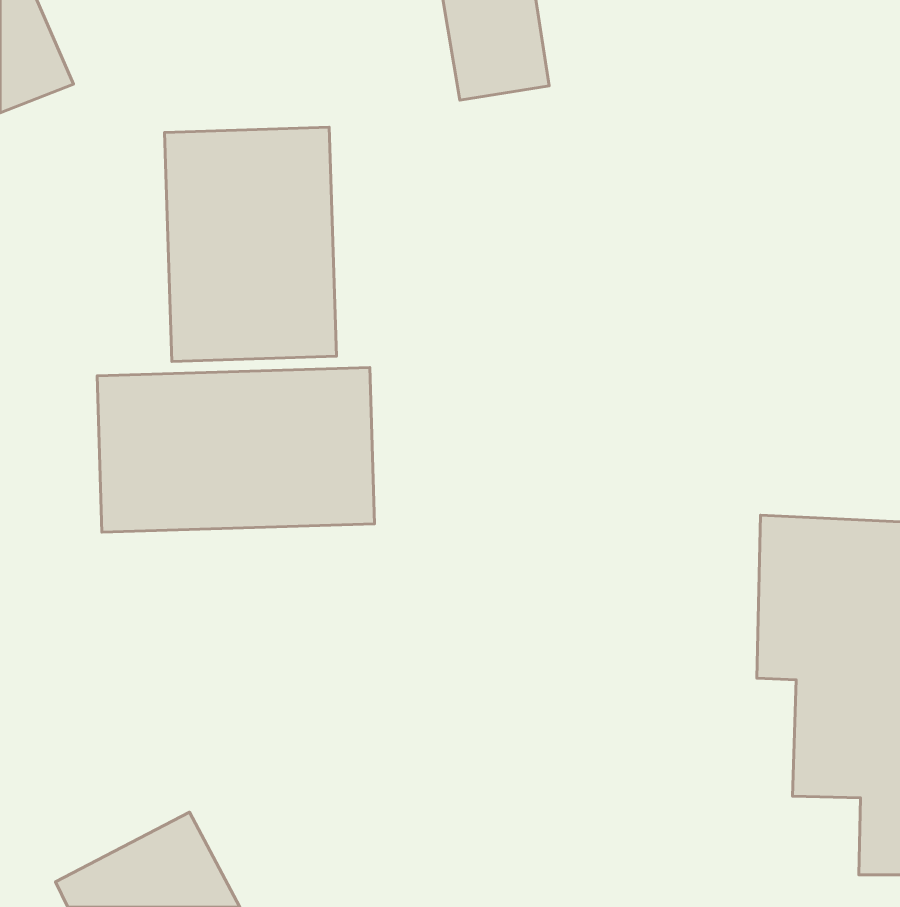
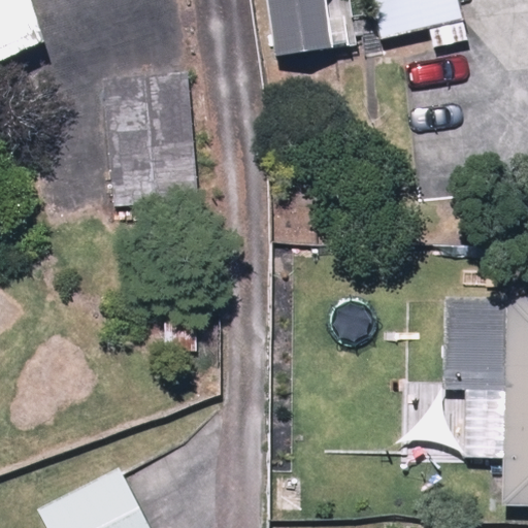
building: [97,367,375,532] -> none

